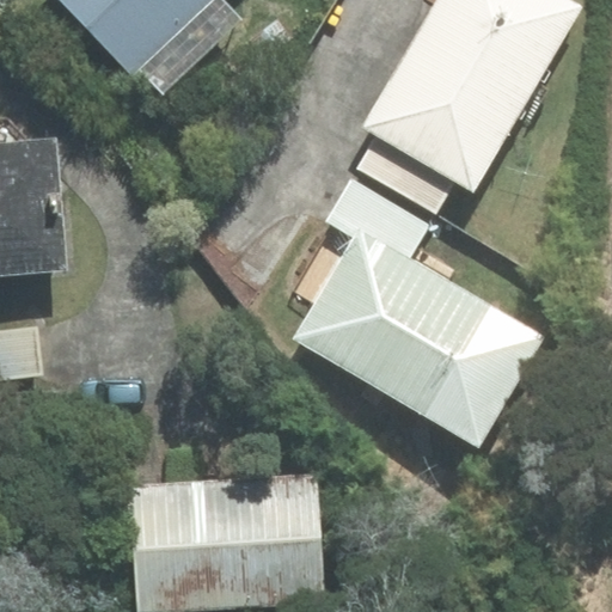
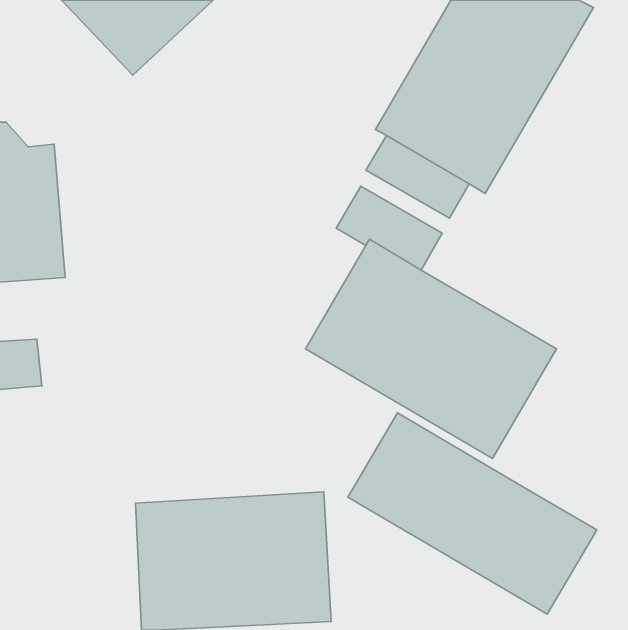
building: none -> [348,413,597,614]

